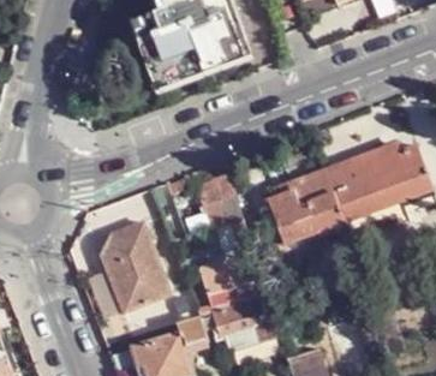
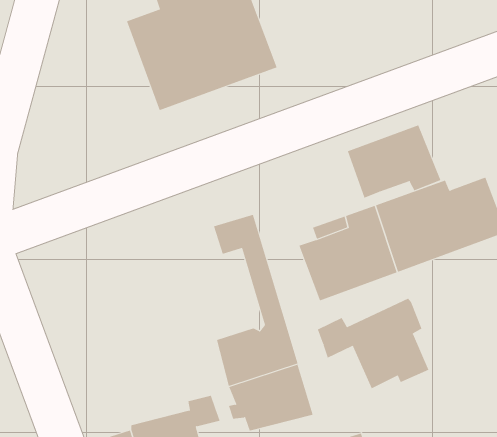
building: none -> [347,124,441,198]
building: [102,221,172,312] -> none
building: none -> [317,298,429,389]

